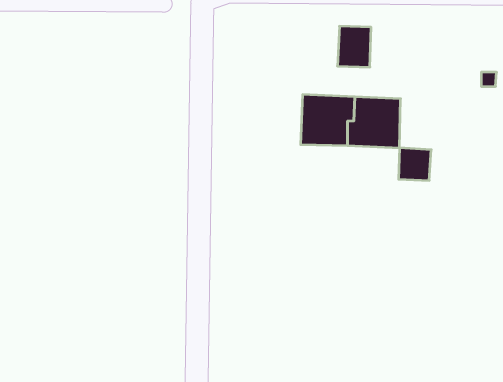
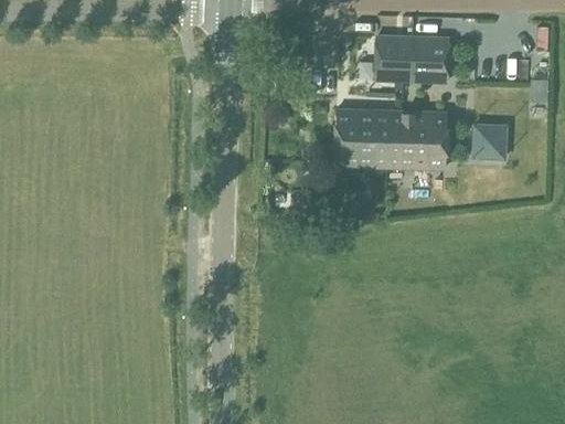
building: none -> [412,36,448,81]
building: [399,148,431,180] -> [472,123,508,158]

